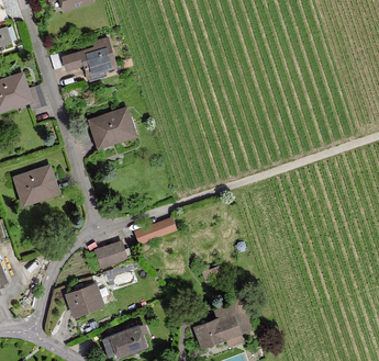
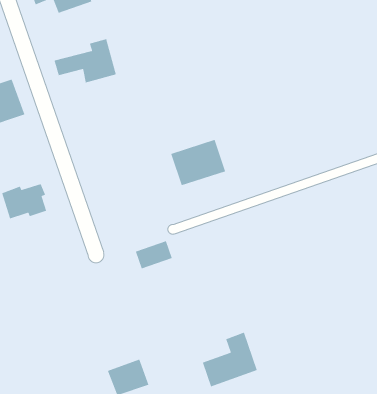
building: [87,106,137,149] -> [170,139,226,186]
building: [97,240,129,270] -> none
building: [65,283,104,319] -> none

